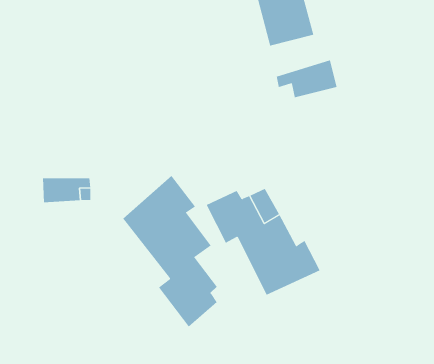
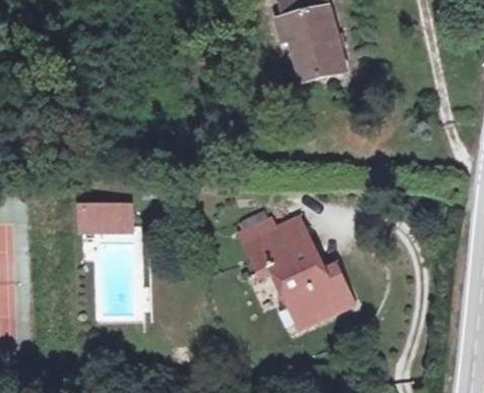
building: [276,60,337,98] -> none
building: [122,175,217,327] -> none

